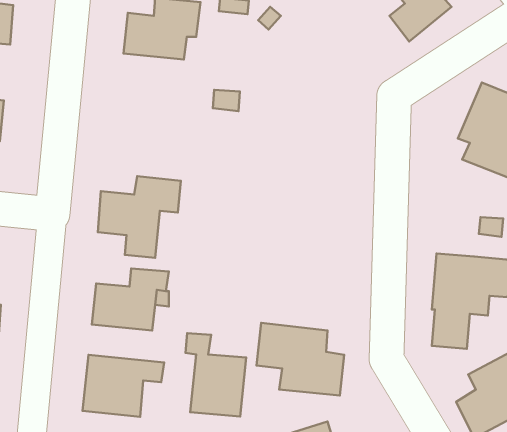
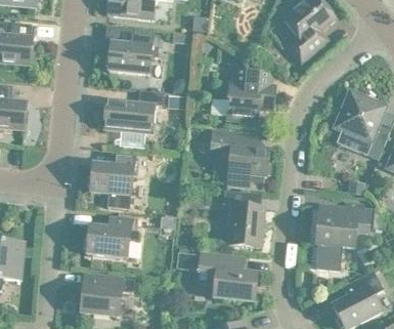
building: none -> [226,70,275,121]
building: none -> [104,89,164,132]
building: none -> [210,131,269,187]
building: [186,333,246,417] -> [223,190,264,246]

